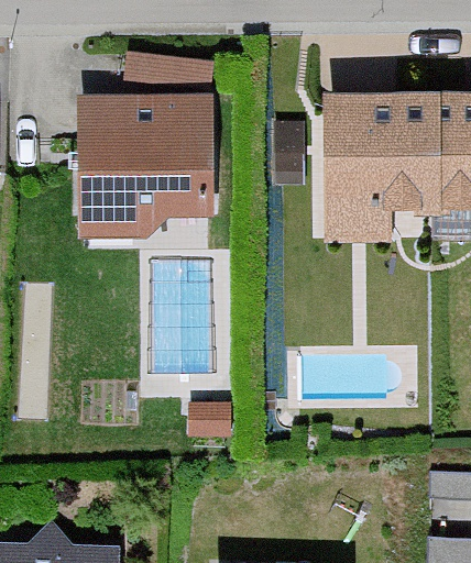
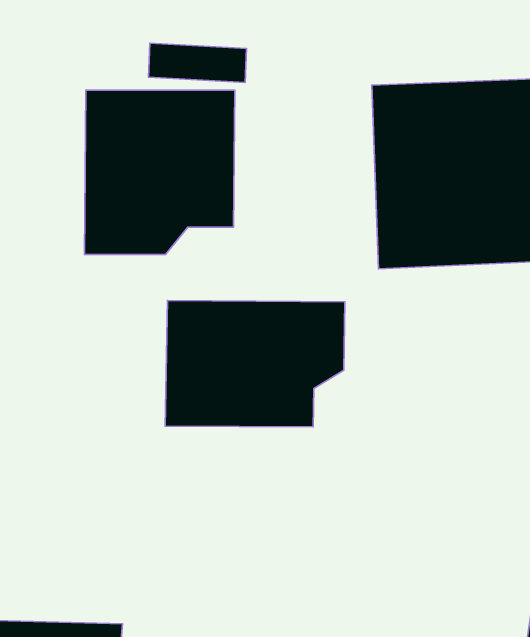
building: none -> [165,300,345,427]

